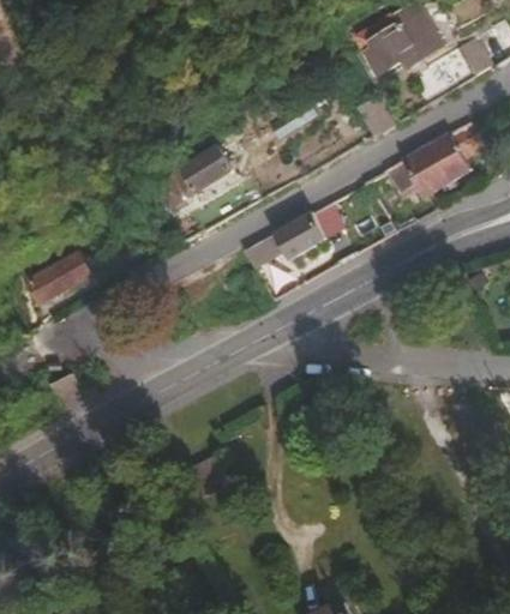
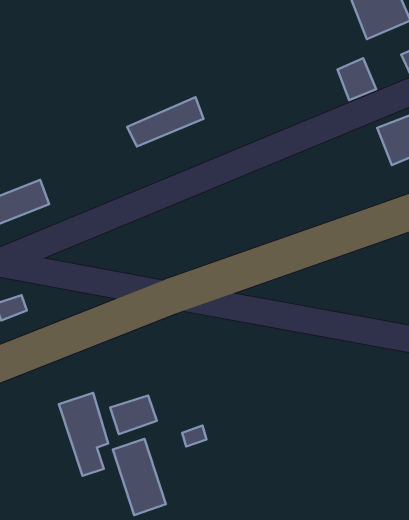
building: [246,210,329,270] -> none
building: none -> [59,393,108,476]
building: none -> [113,439,166,515]

